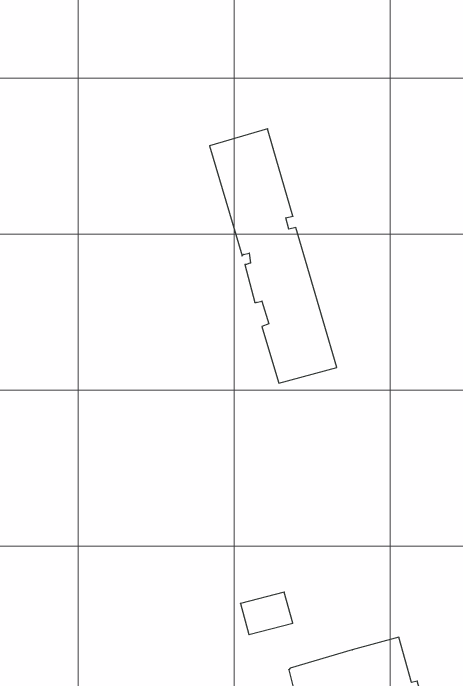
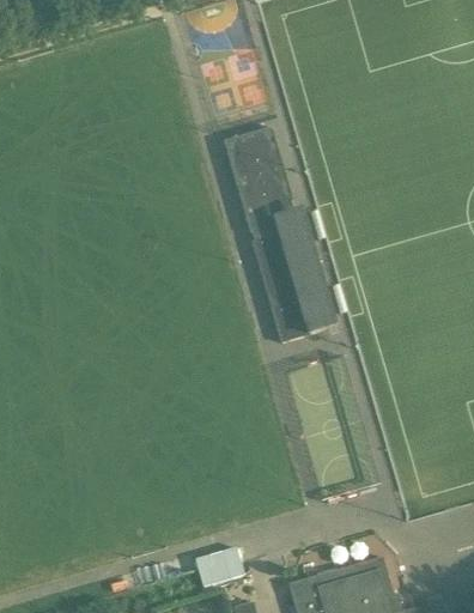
building: [240,592,293,635] -> [199,552,243,588]

